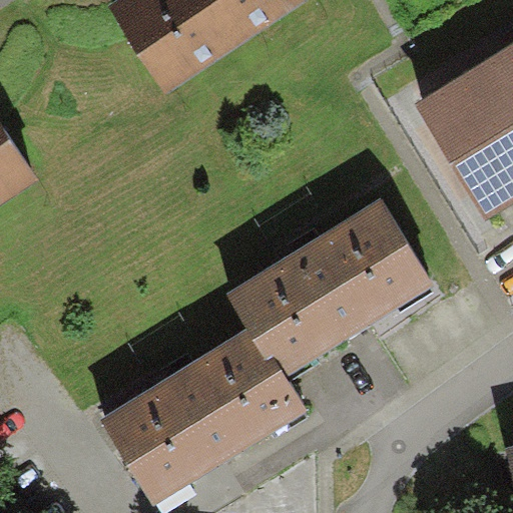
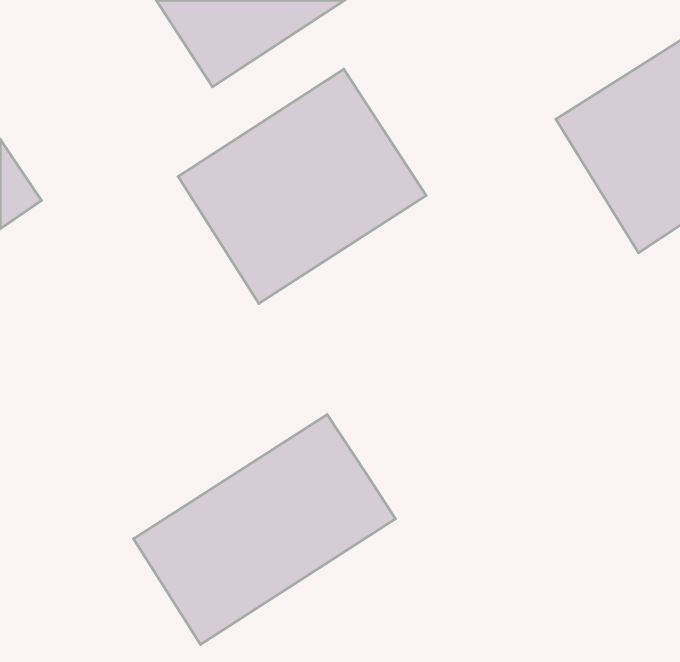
building: none -> [178,69,426,303]
building: [227,199,425,371] -> none

